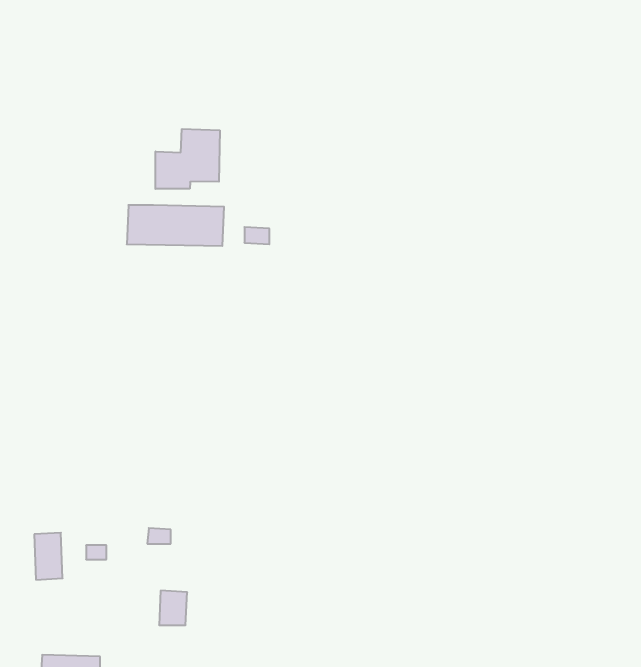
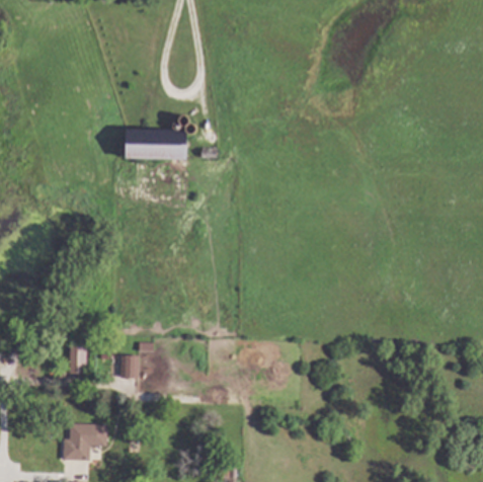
building: [155,129,220,189] -> none
building: [159,591,187,625] -> [120,354,139,377]

